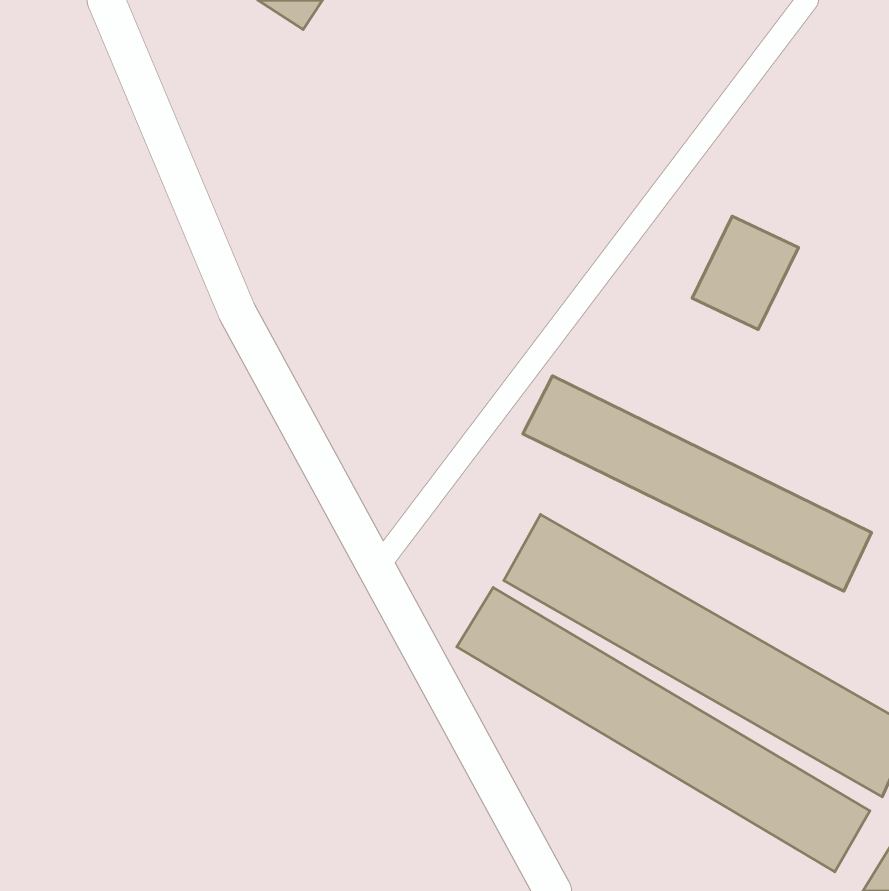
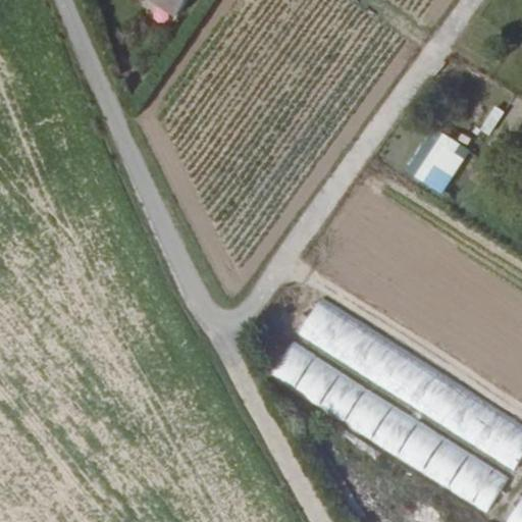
building: [523,376,872,591] -> none

